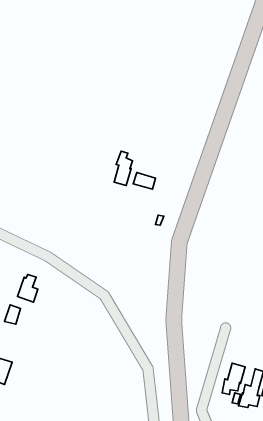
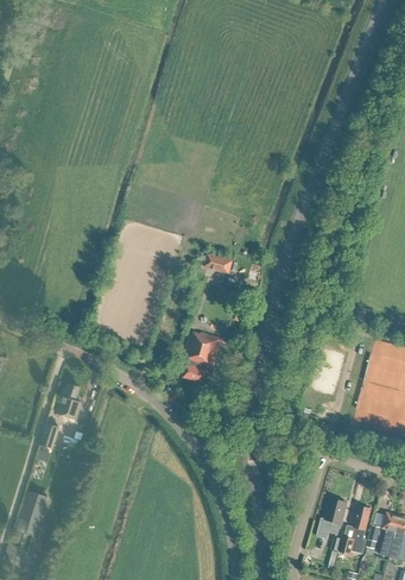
building: [114,151,133,186] -> none
building: none -> [183,332,222,383]

